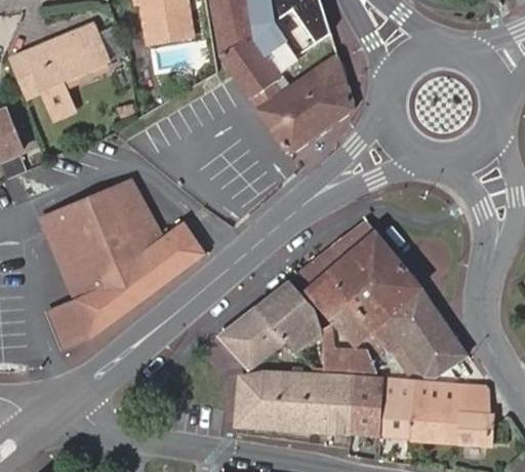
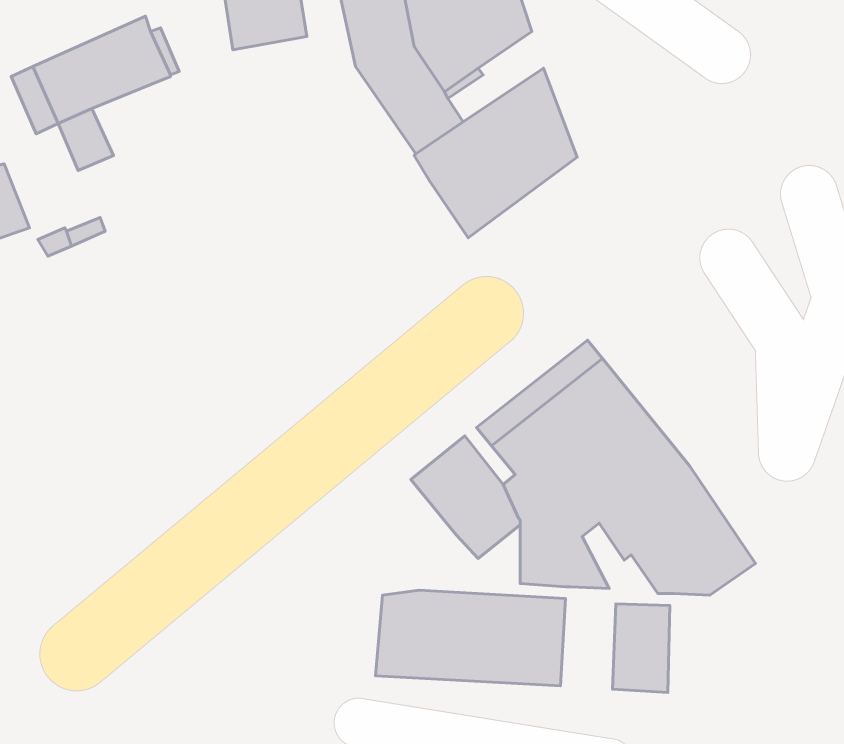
building: [44,181,204,341] -> none
building: [217,306,283,369] -> none
building: [347,379,380,434] -> none
building: [412,383,489,440] -> none

